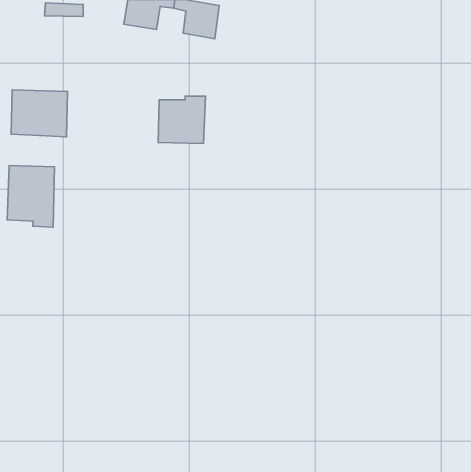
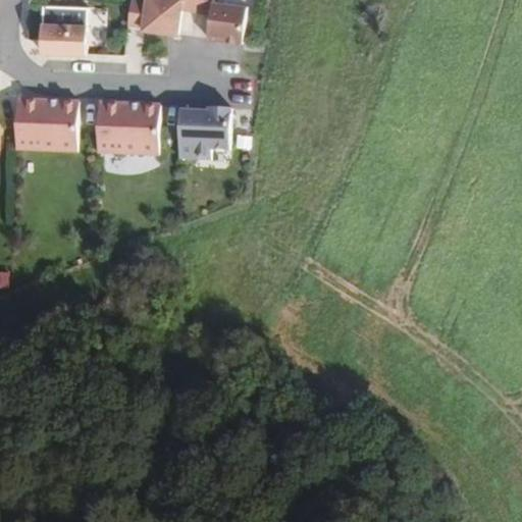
building: none -> [39,21,85,52]
building: none -> [95,102,158,154]
building: [7,165,54,227] -> none

